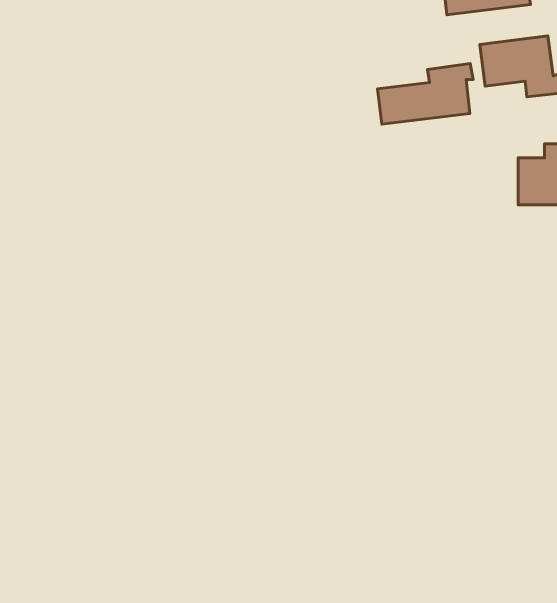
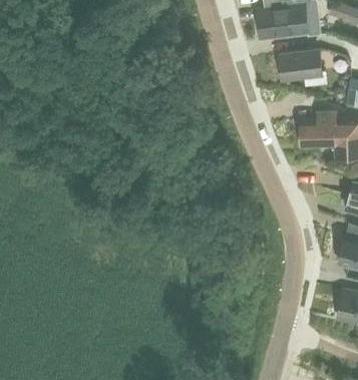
building: [378,63,473,124] -> none

